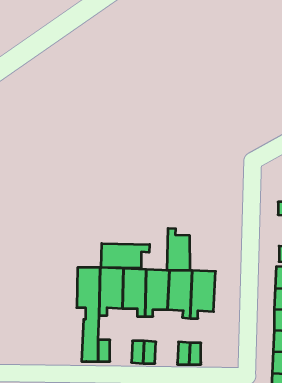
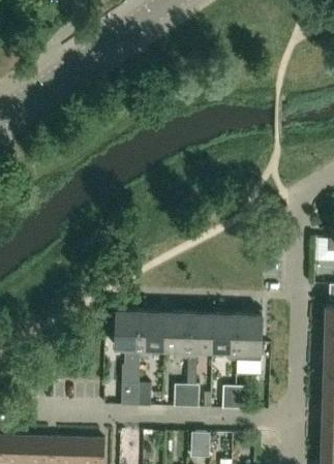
building: [167,228,190,270] -> none
building: [101,243,150,268] -> none

